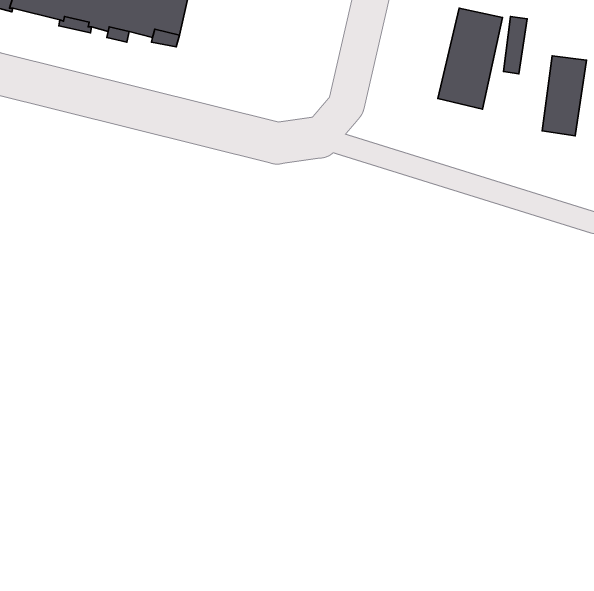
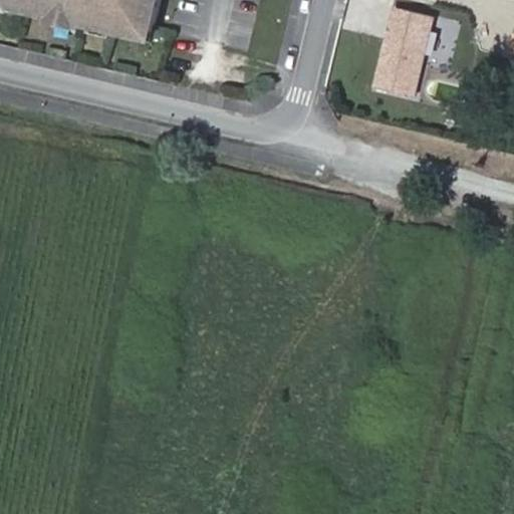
building: [542,56,586,136] -> none

